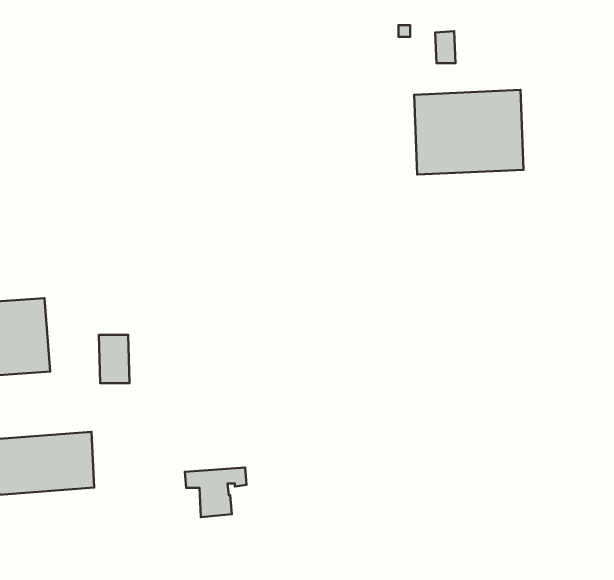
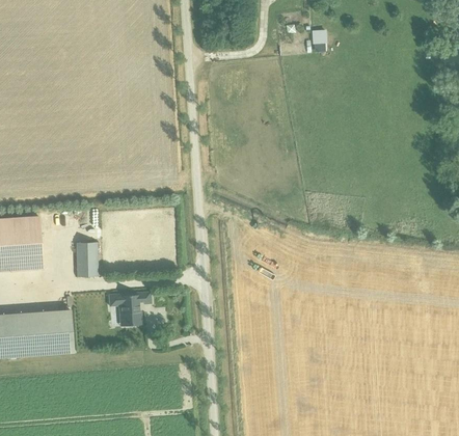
building: [414,90,524,175] -> none
building: [185,467,246,517] -> [108,291,152,326]

